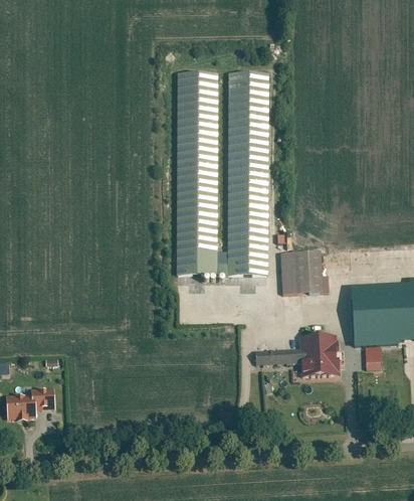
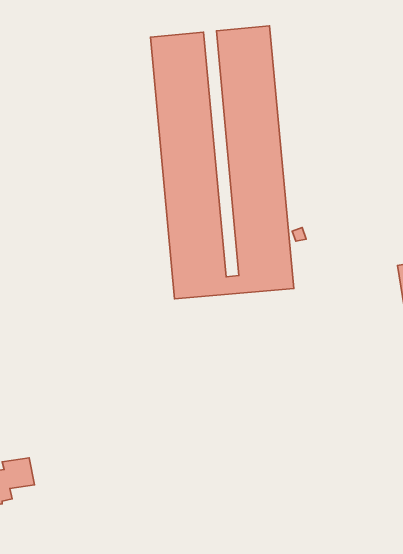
building: [279,252,325,295] -> none
building: [252,332,338,377] -> none

